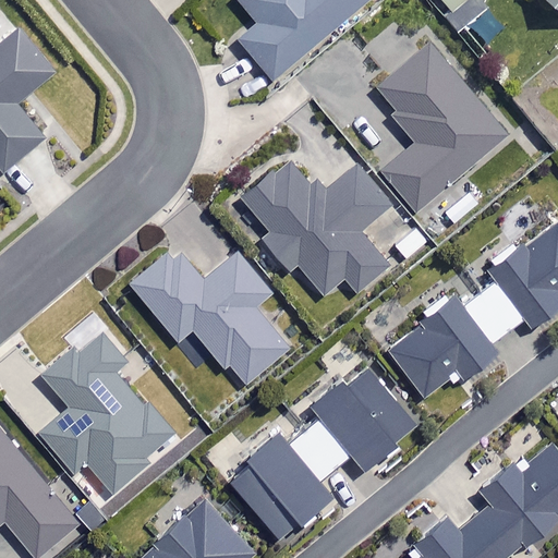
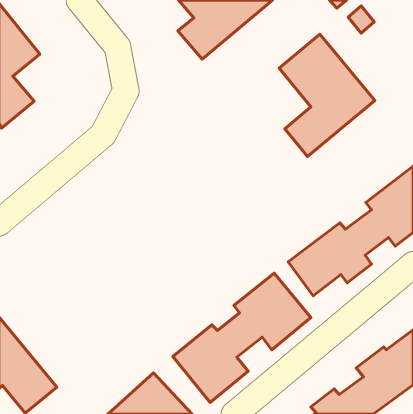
building: [241,156,390,294] -> none
building: [132,247,288,387] -> none
building: [40,336,170,493] -> none

